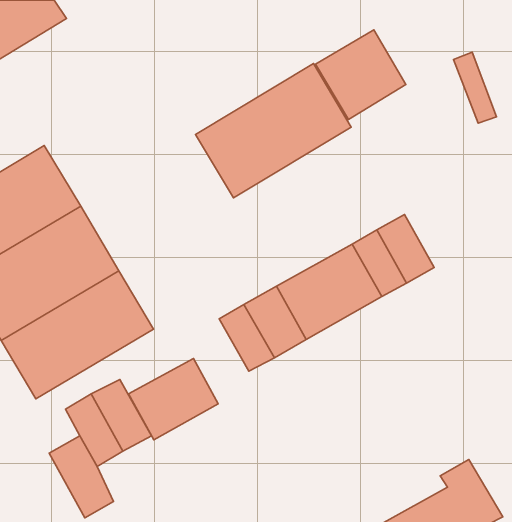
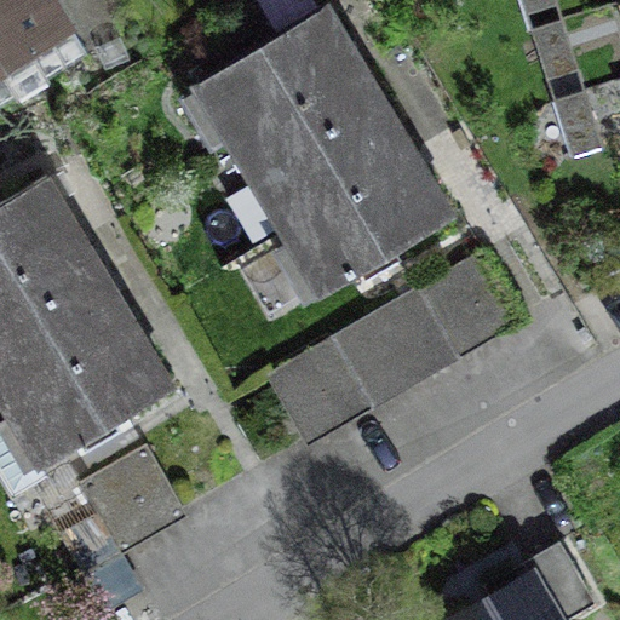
building: none -> [189,7,371,161]
building: [315,30,406,119] -> none
building: none -> [276,153,454,298]
building: [128,358,218,440] -> none

